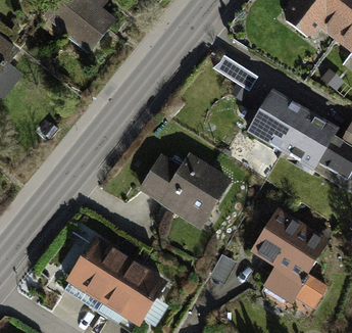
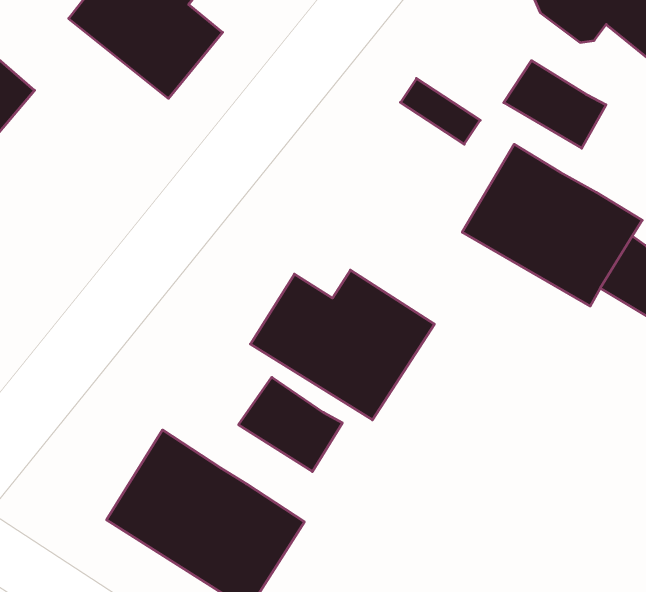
building: none -> [504,61,606,148]
building: none -> [239,377,342,472]
building: [249,206,329,307] -> none

